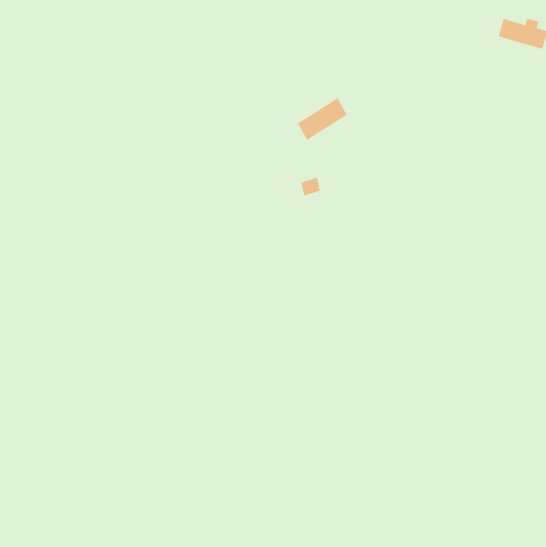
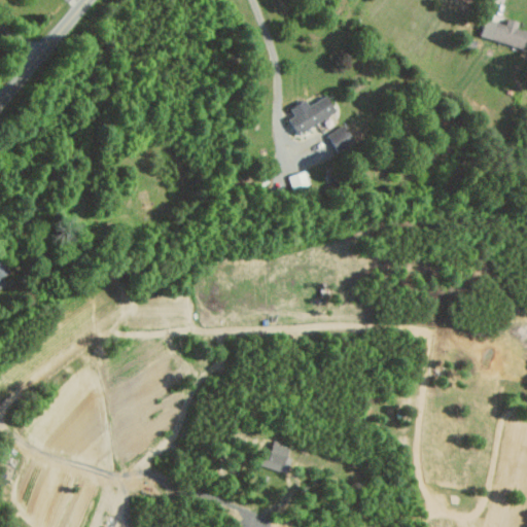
building: none -> [328,125,356,152]
building: none -> [266,443,291,473]

